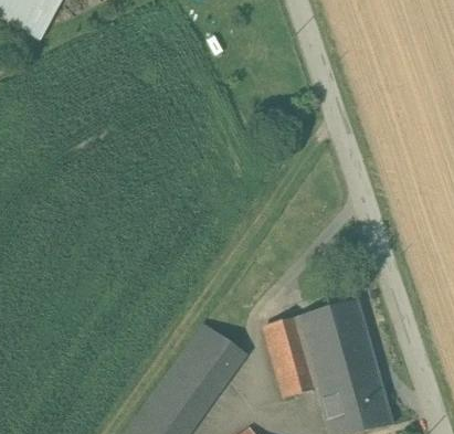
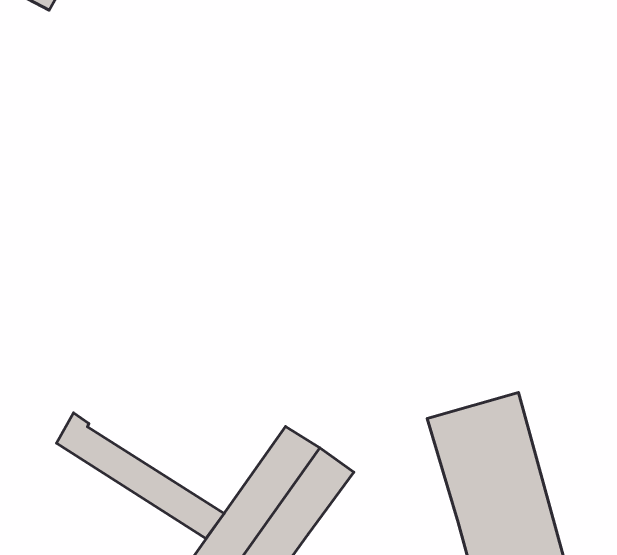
building: none -> [57,413,224,538]
building: [265,317,317,396] -> none

